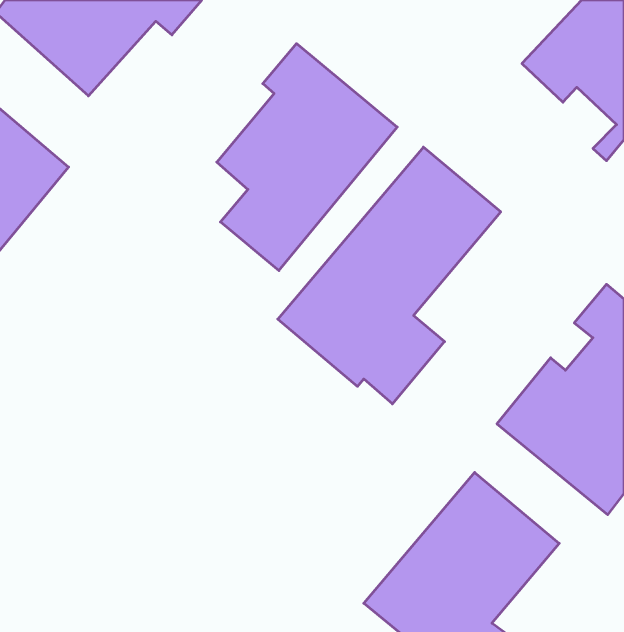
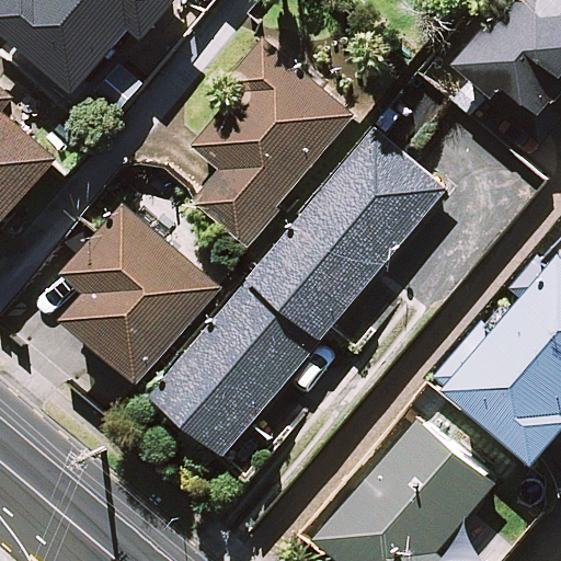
building: none -> [64,206,219,382]
building: none -> [151,285,314,455]

